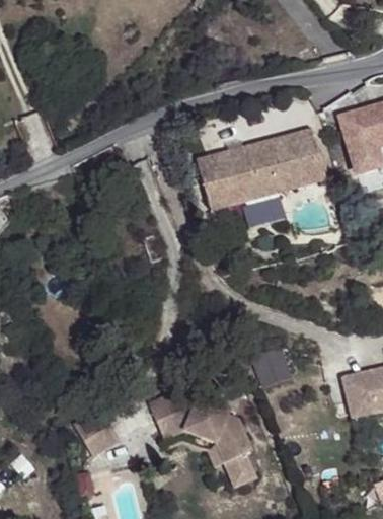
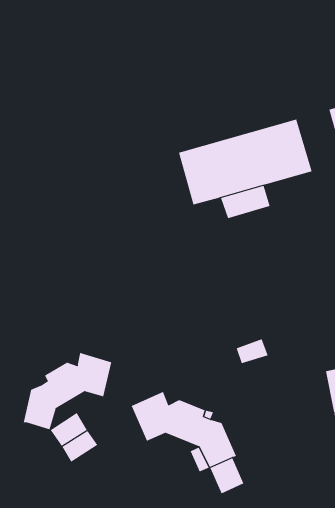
building: none -> [23,352,112,430]

